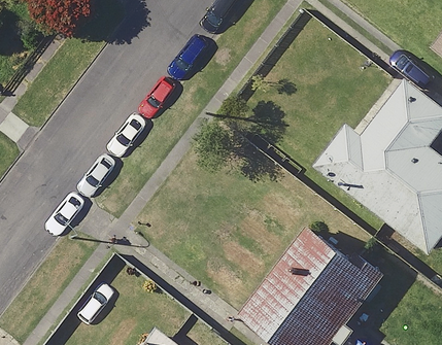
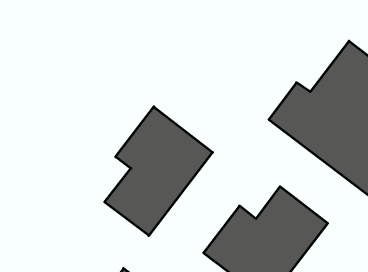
building: none -> [105,107,213,236]

